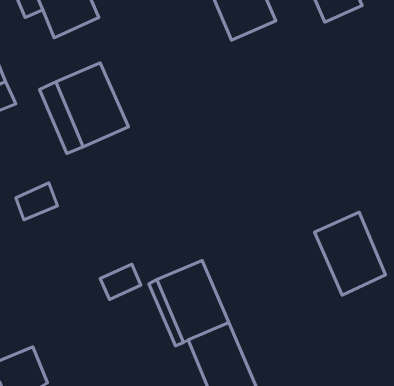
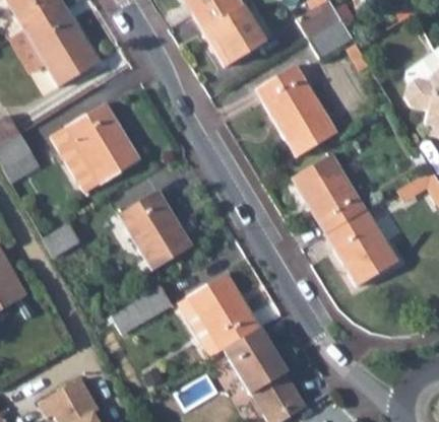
building: none -> [310,18,354,57]
building: none -> [248,53,334,156]
building: none -> [292,154,366,234]
building: none -> [121,192,193,270]

